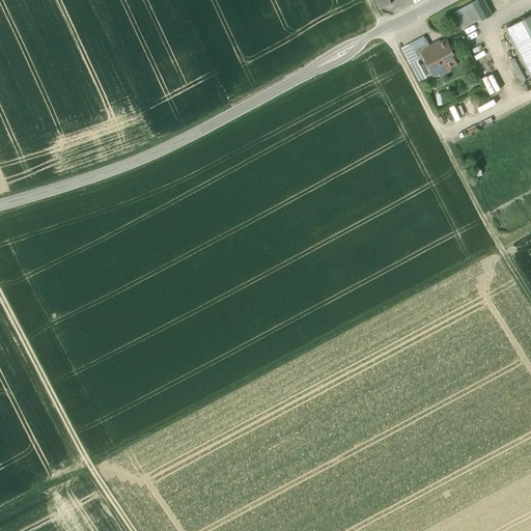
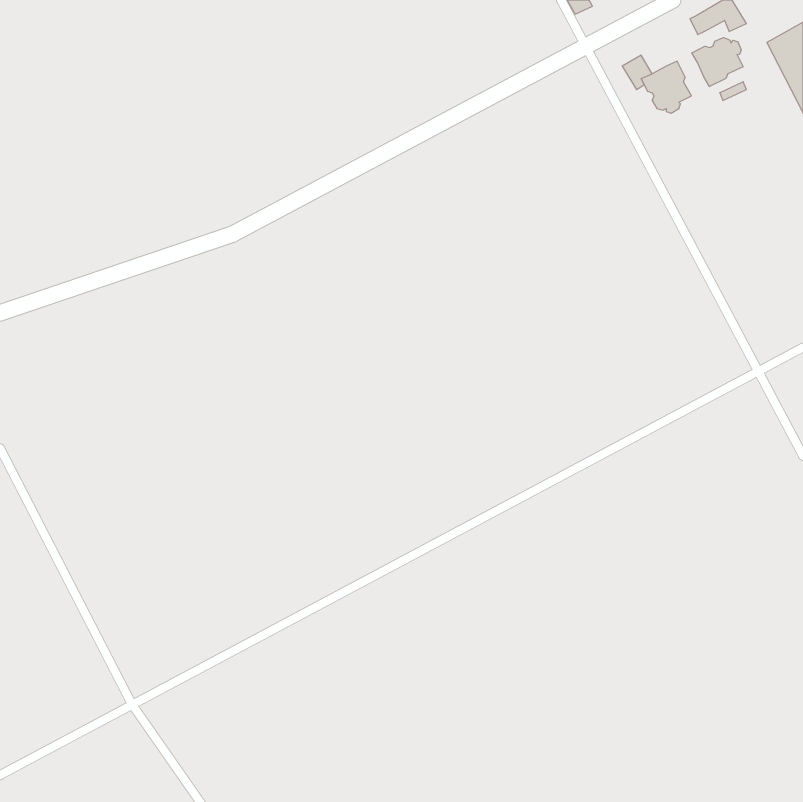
building: none -> [692,38,743,87]

